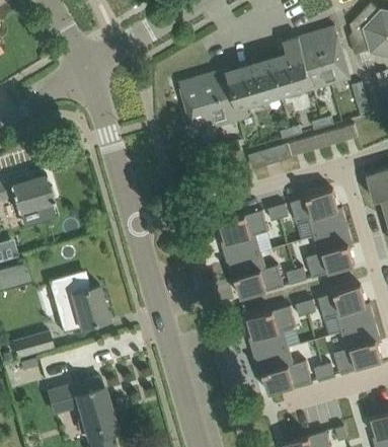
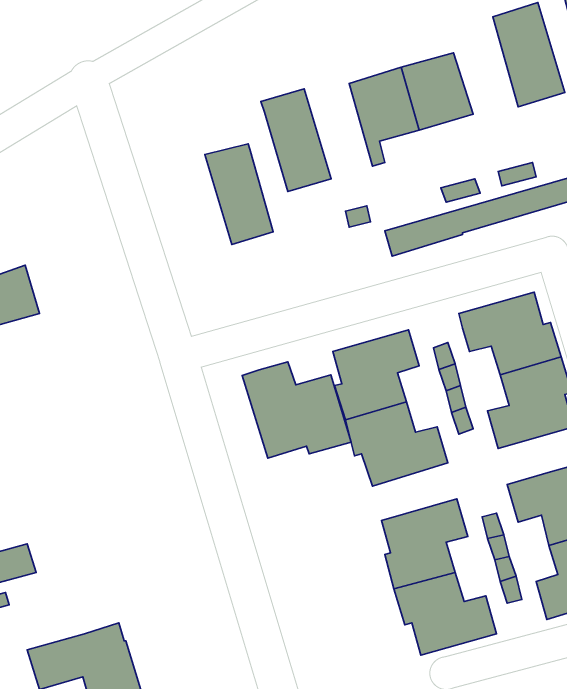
building: [284,34,324,89] -> none
building: [204,69,242,126] -> [205,144,273,245]
building: none -> [242,362,351,458]
building: [49,273,109,332] -> none

